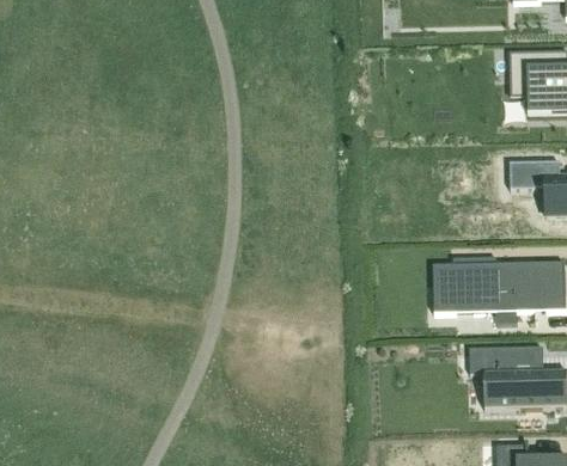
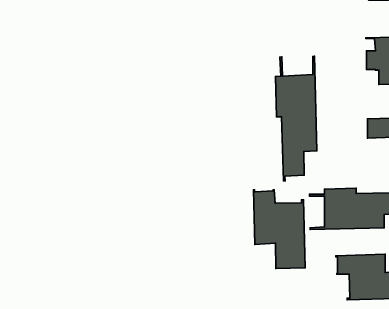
building: none -> [276,56,317,181]
building: none -> [254,190,305,268]

